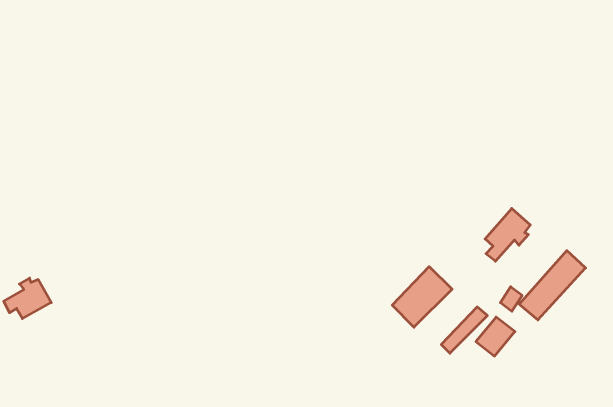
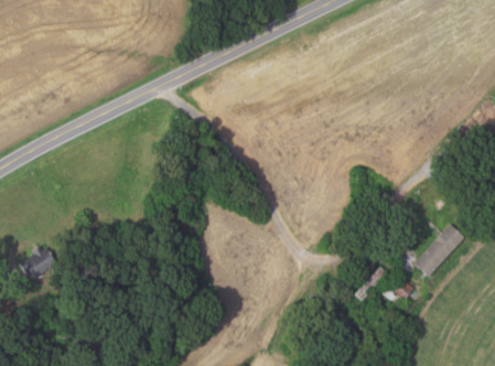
building: [485,208,530,261] -> none
building: [392,267,452,327] -> none

